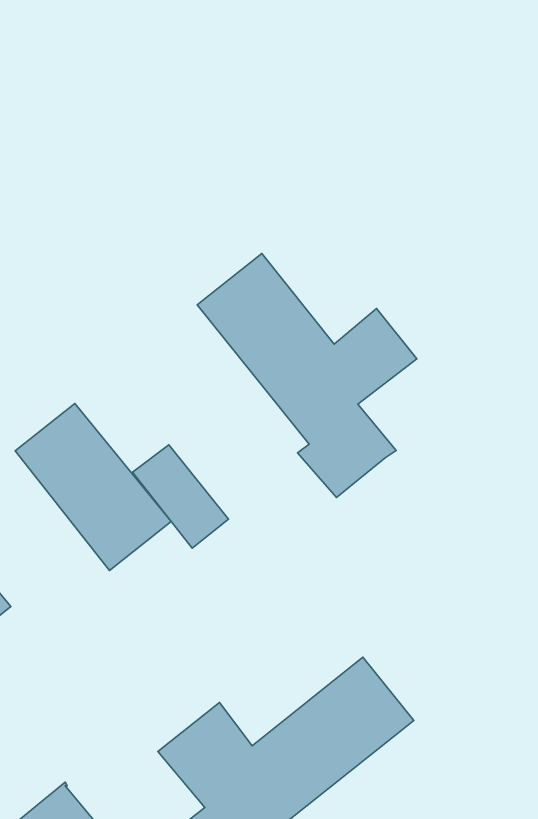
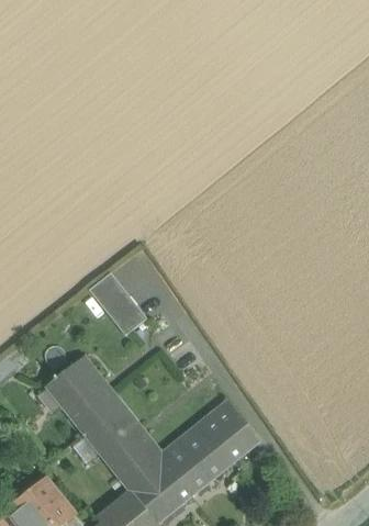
building: [197,253,417,498] -> none
building: [15,404,171,570] -> [47,358,142,459]

